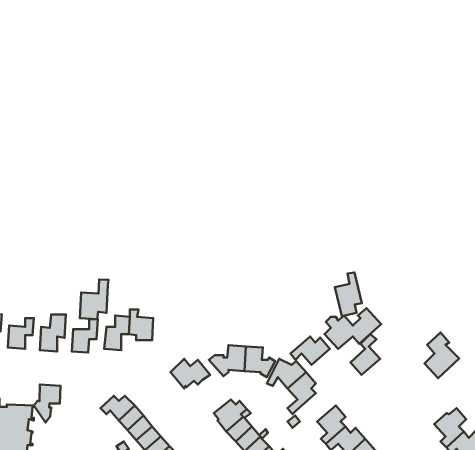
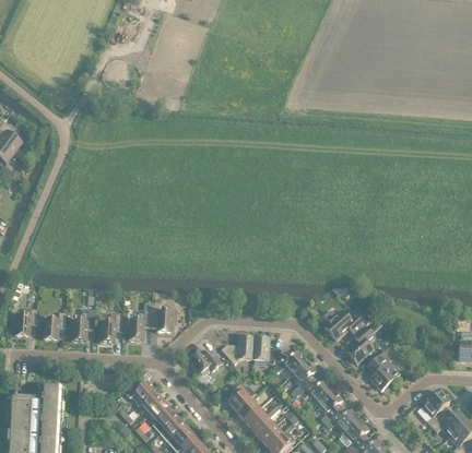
building: [335,272,362,316] -> none
building: [80,280,108,319] -> none
building: [425,333,459,378] -> [369,350,400,391]
building: [290,336,330,365] -> [298,379,333,404]
building: [34,385,60,422] -> none

